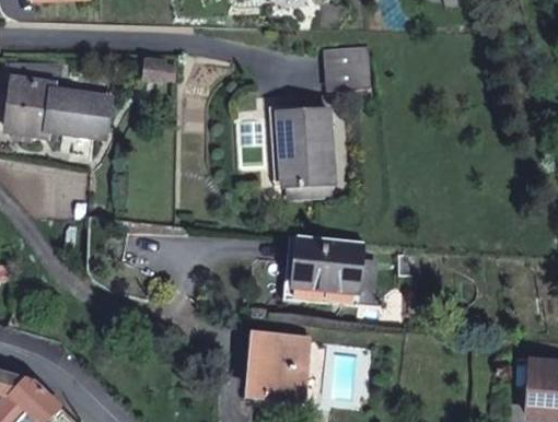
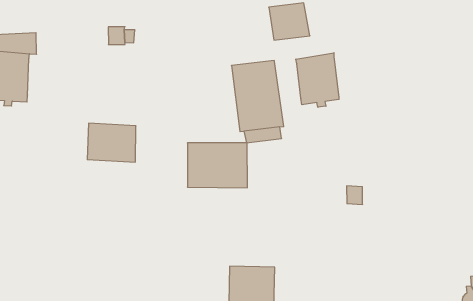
building: [48,87,105,134] -> [87,123,136,162]
building: none -> [296,53,339,107]
building: [294,238,364,293] -> [187,143,247,188]

